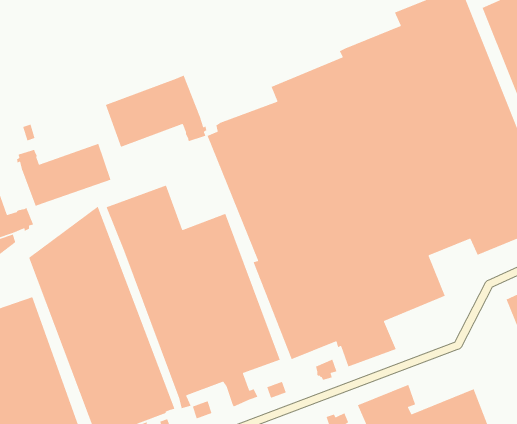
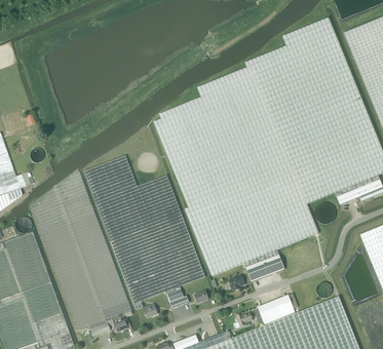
building: [105,75,207,148] -> none
building: [16,143,111,207] -> none

